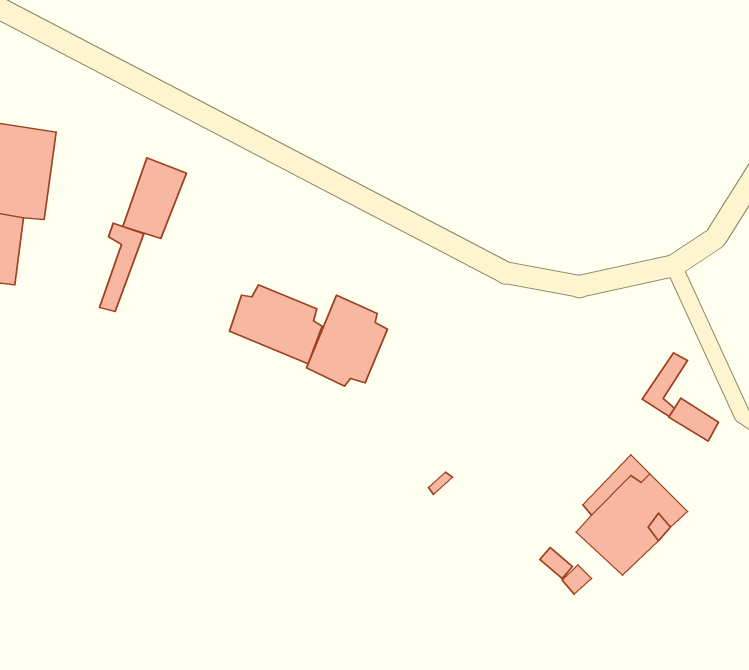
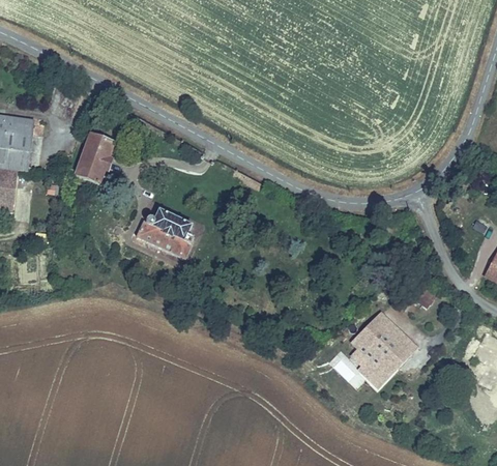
building: [99,223,144,312] -> none
building: [307,295,387,386] -> none
building: [642,353,688,416] -> none

